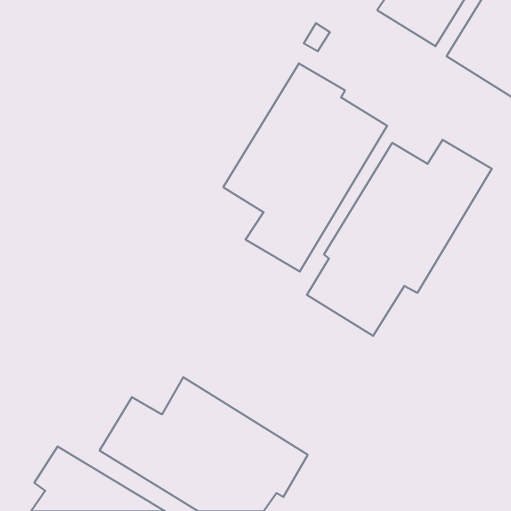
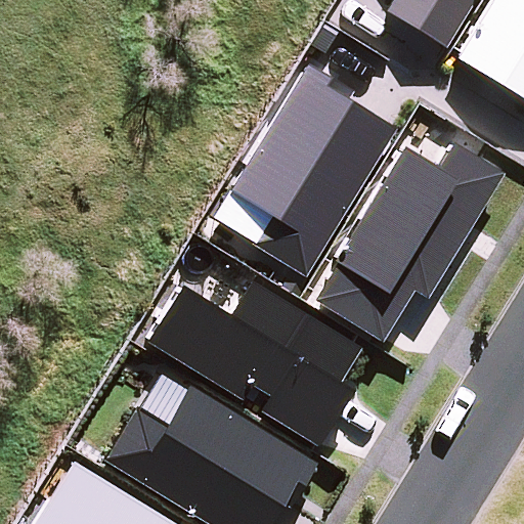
building: none -> [145,282,360,447]

